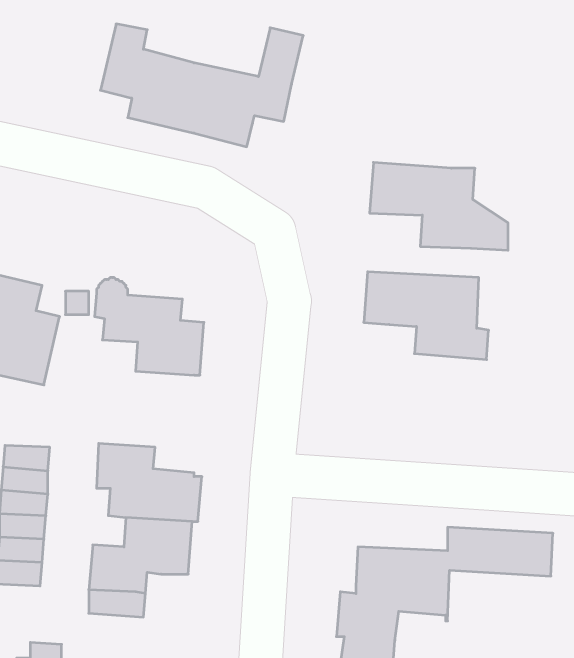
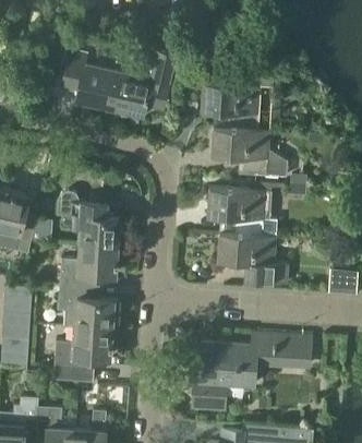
building: none -> [201,84,260,132]
building: none -> [218,235,288,284]
building: none -> [59,246,116,288]

